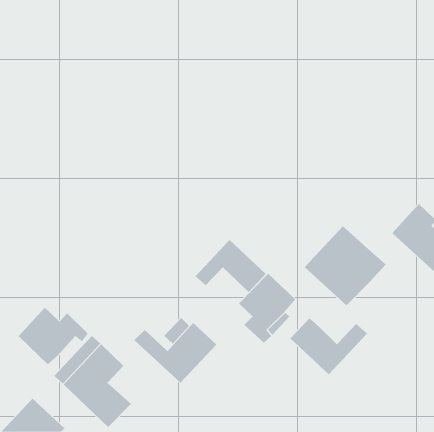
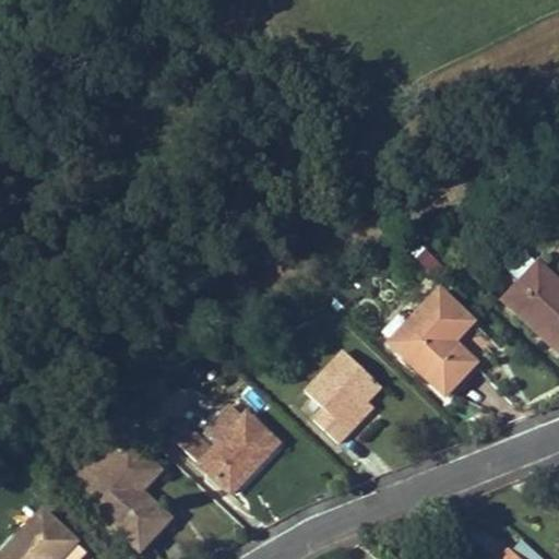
building: [194,239,267,293] -> none
building: [18,307,89,365] -> none
building: [290,317,368,375] -> none

